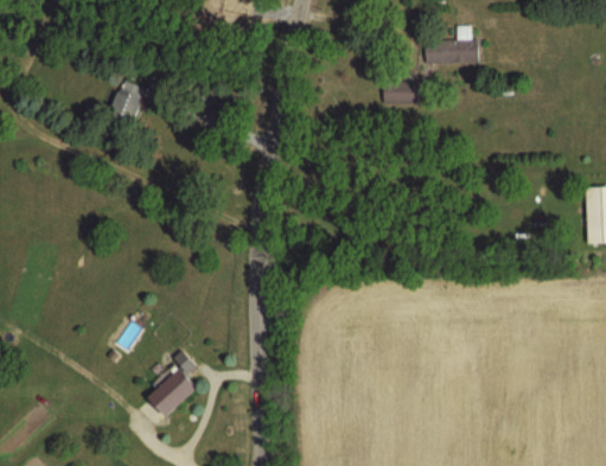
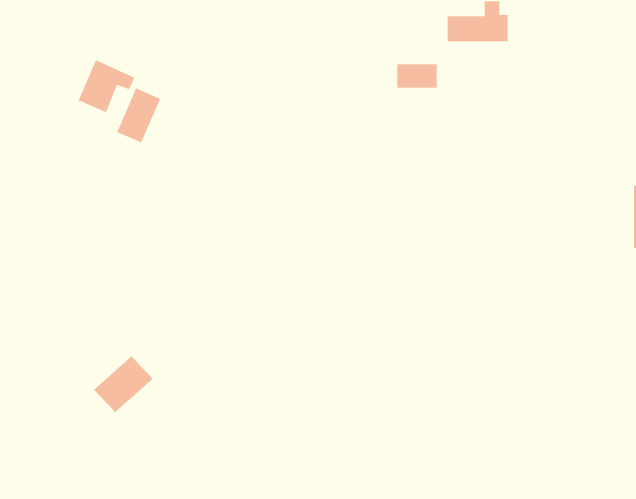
building: none -> [117,88,161,143]
building: [145,369,197,419] -> [93,355,153,413]

